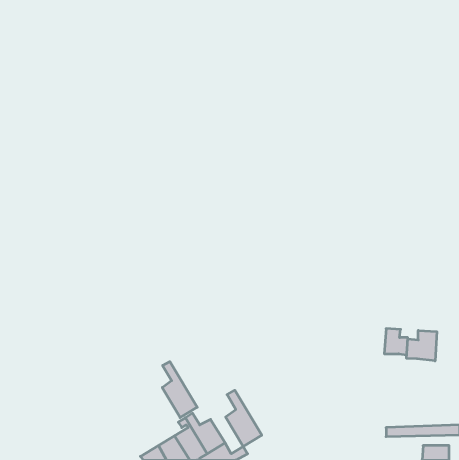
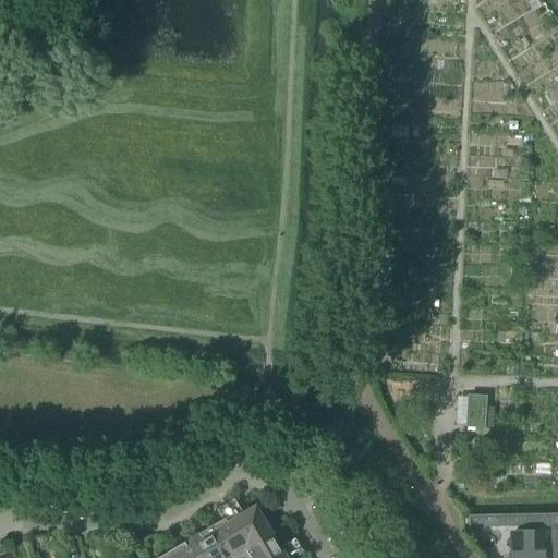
building: [407,330,437,361] -> none
building: [162,362,197,418] -> none
building: [226,390,262,446] -> none

